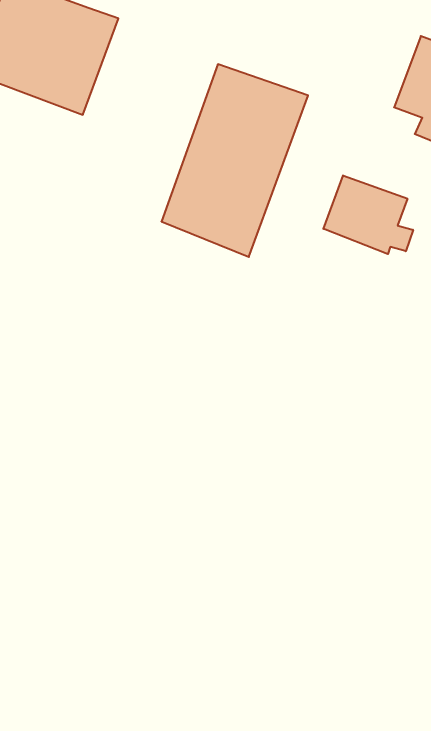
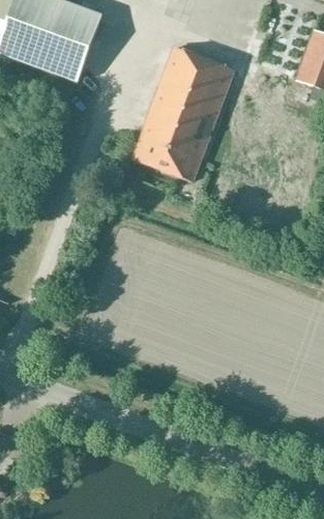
building: [323,175,413,254] -> none

